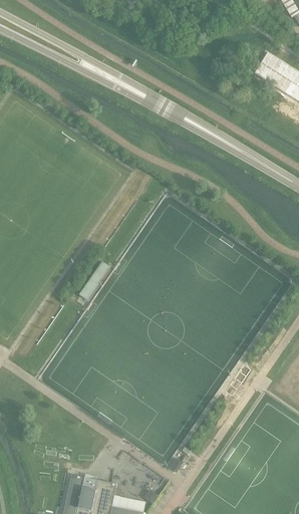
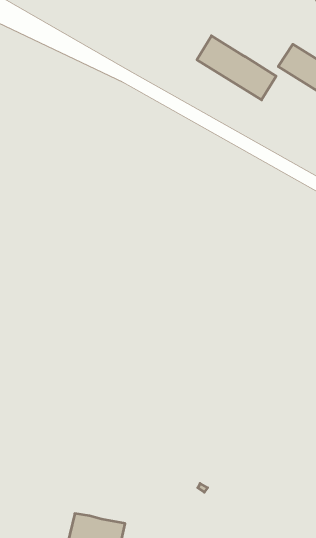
building: none -> [197,36,276,100]

